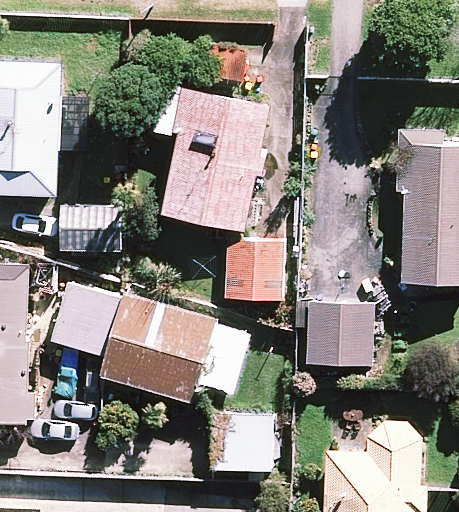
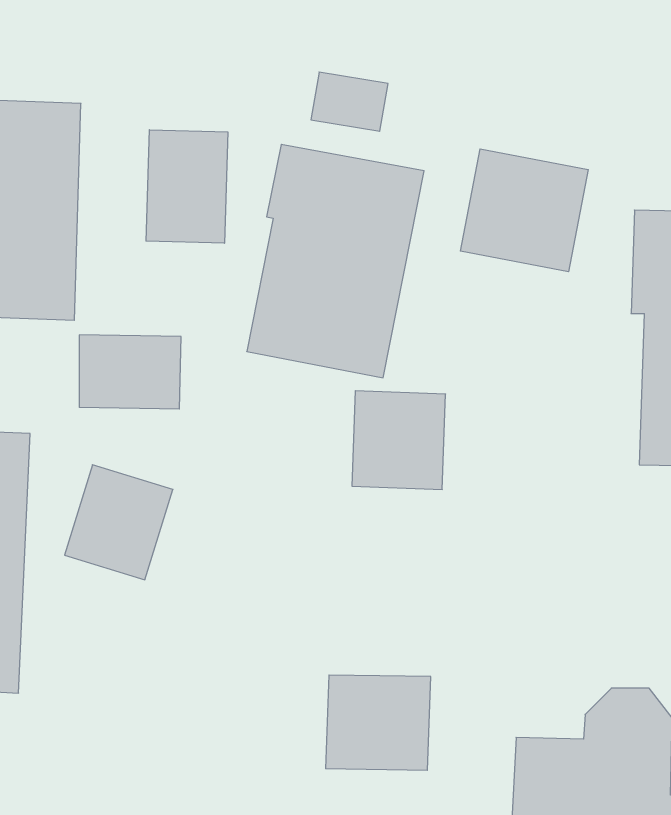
building: none -> [146,130,228,243]
building: none -> [460,149,588,272]
building: [103,294,252,403] -> none
building: [307,303,372,365] -> none

